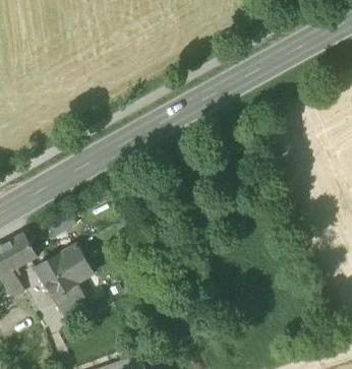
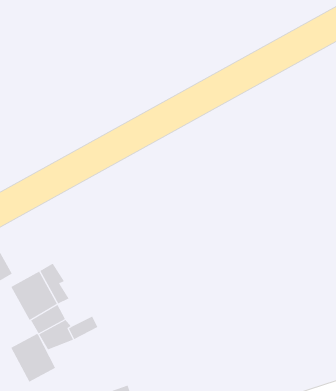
building: none -> [10,333,56,383]

